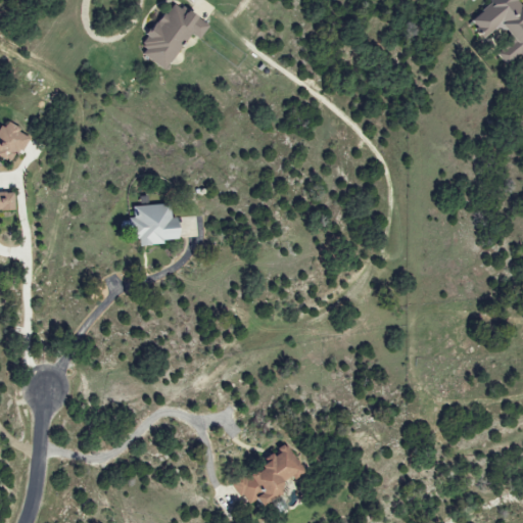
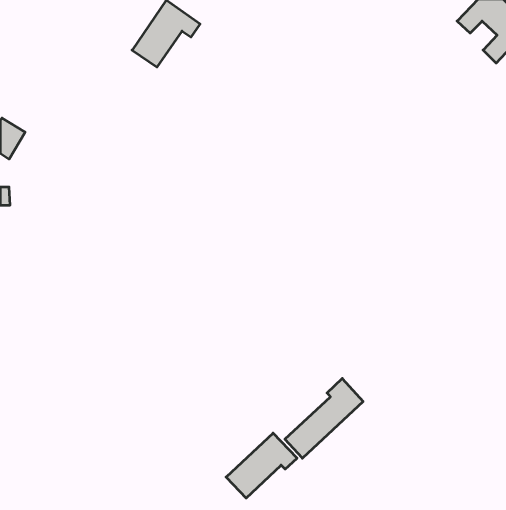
building: [127,202,181,243] -> none
building: none -> [285,378,363,458]

